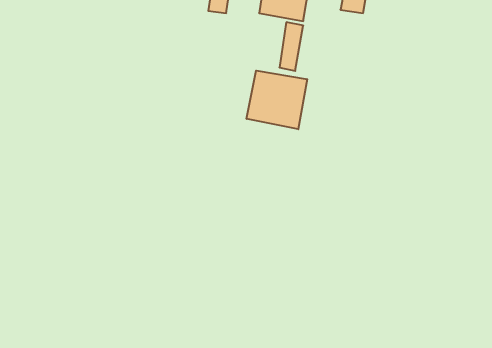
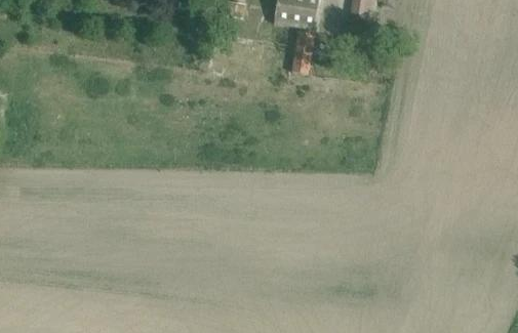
building: [247,71,307,129] -> none

